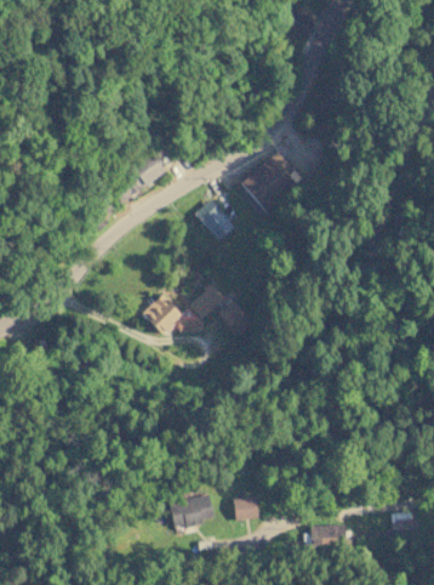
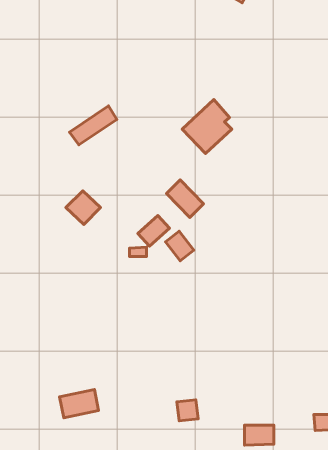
building: [194,199,236,243] -> [167,180,204,218]
building: [142,295,182,334] -> [66,191,101,224]
building: [170,495,215,528] -> [60,390,99,418]

